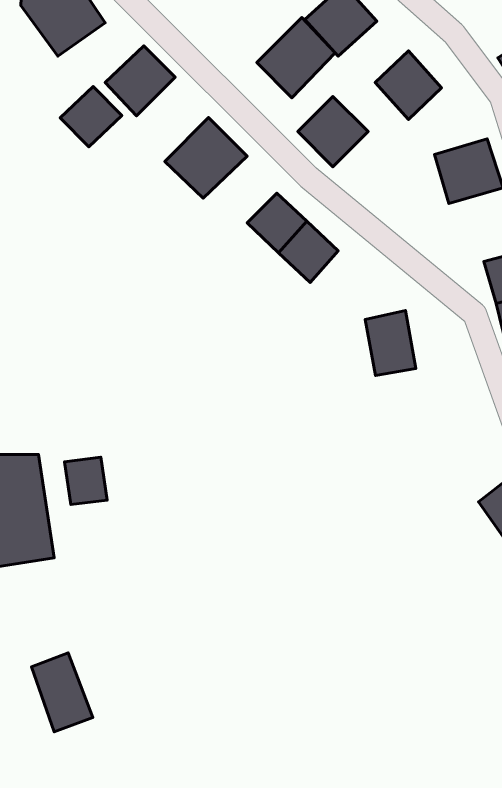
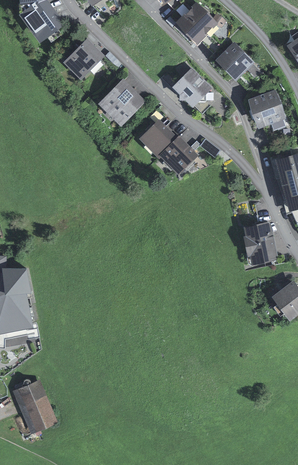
building: [257,18,335,98] -> none
building: [60,86,122,147] -> none
building: [365,311,416,376] -> [246,225,275,262]
building: [64,457,107,505] -> none

